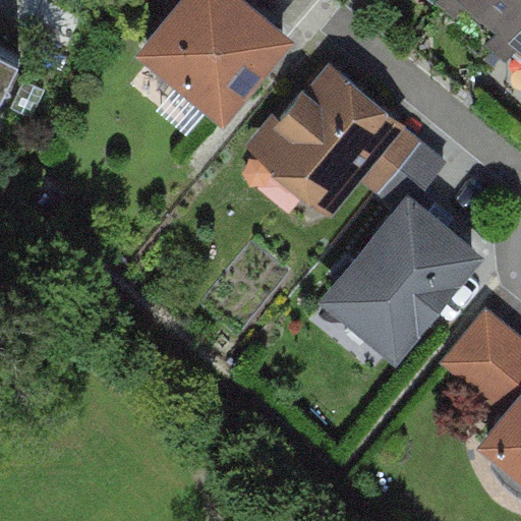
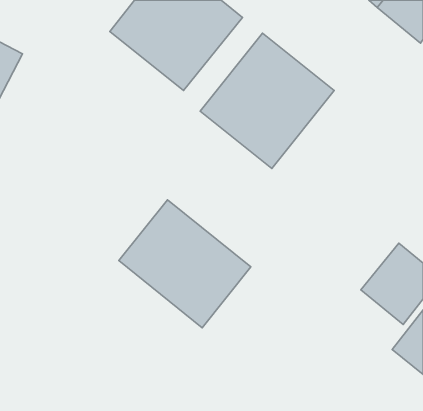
building: [315,190,484,364] -> none
building: none -> [119,200,251,328]

